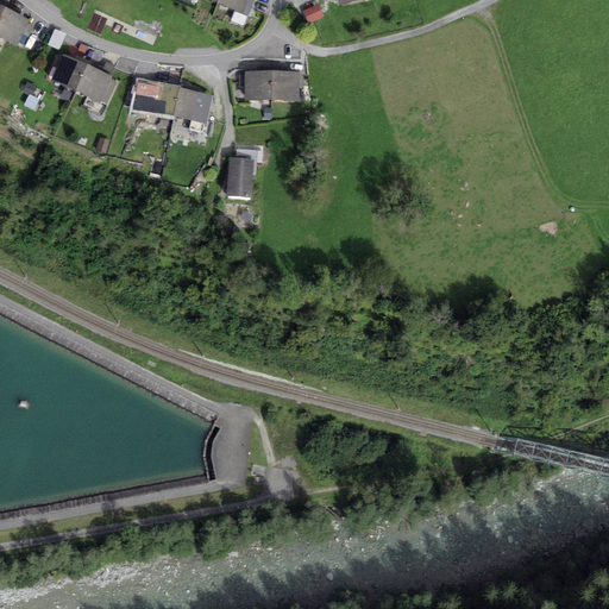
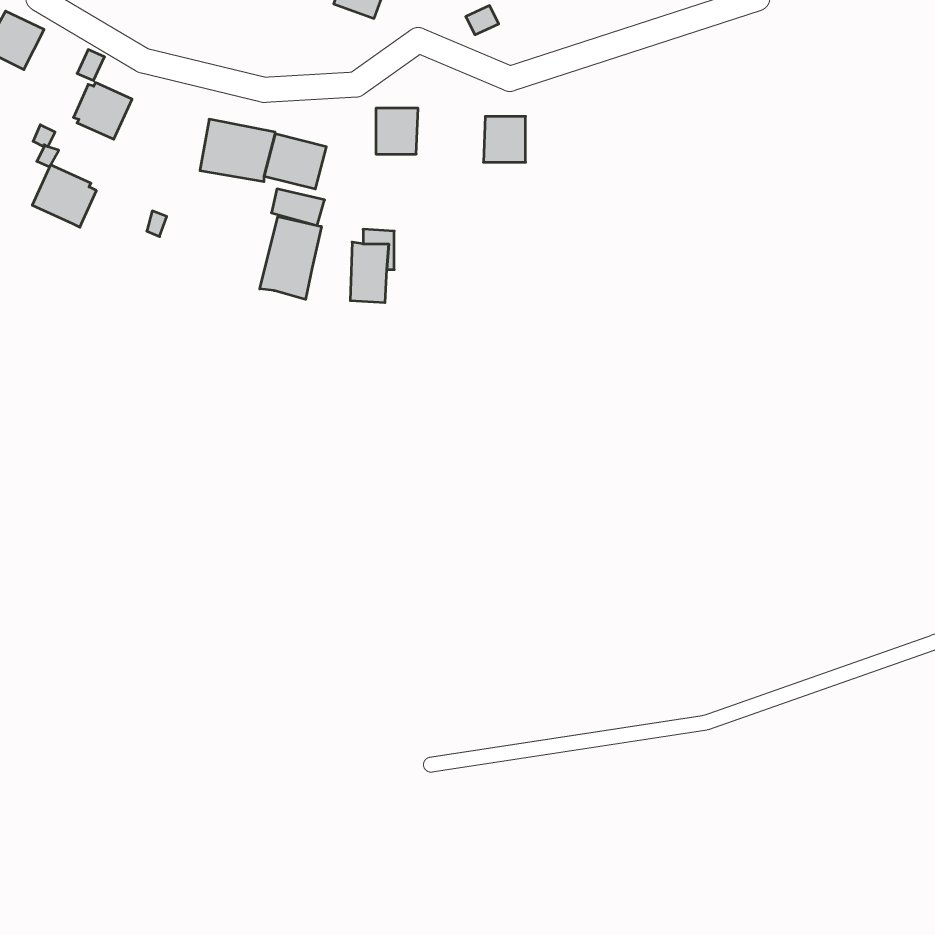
building: [74,64,115,105] -> [32,165,96,227]
building: [270,70,297,100] -> [483,116,526,162]
building: none -> [260,217,321,299]

